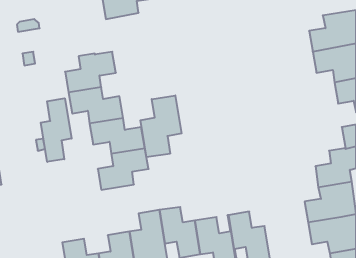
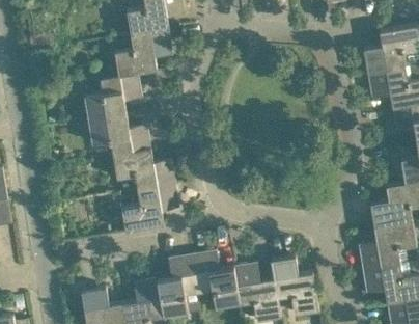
building: none -> [114,28,172,76]
building: [140,95,182,157] -> none
building: [41,98,72,162] -> none

